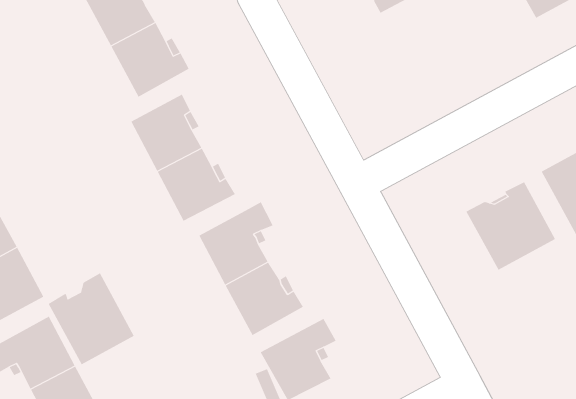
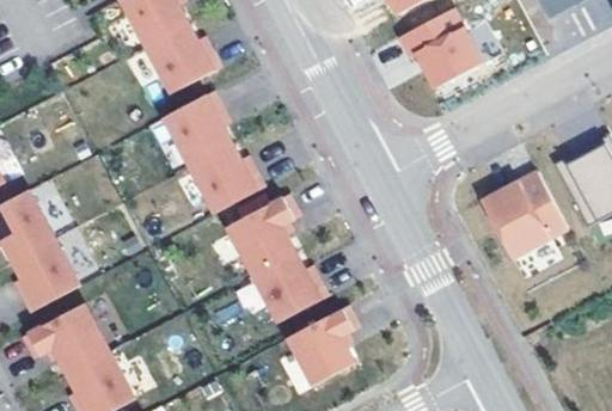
building: none -> [399,11,482,90]
building: [48,273,135,365] -> none

